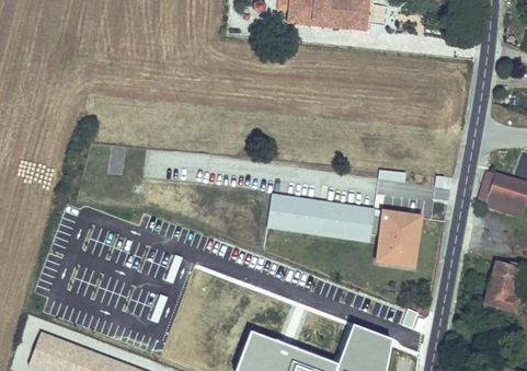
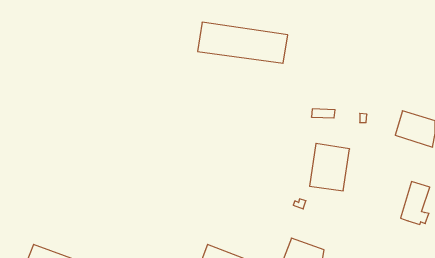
building: [264,193,373,242] -> [198,22,288,63]

